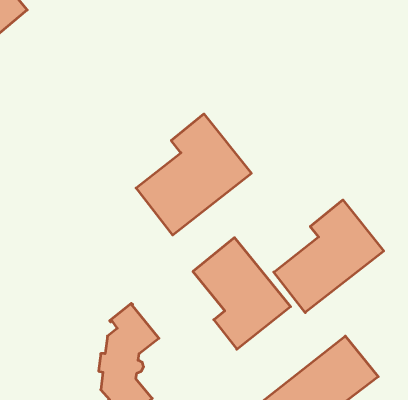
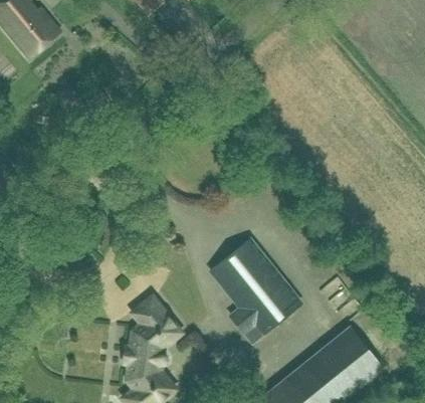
building: [136,114,251,235] -> none
building: [274,200,384,313] -> none

